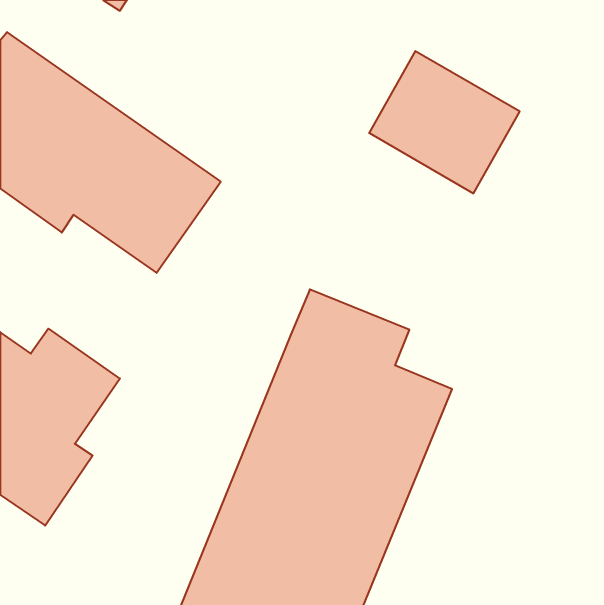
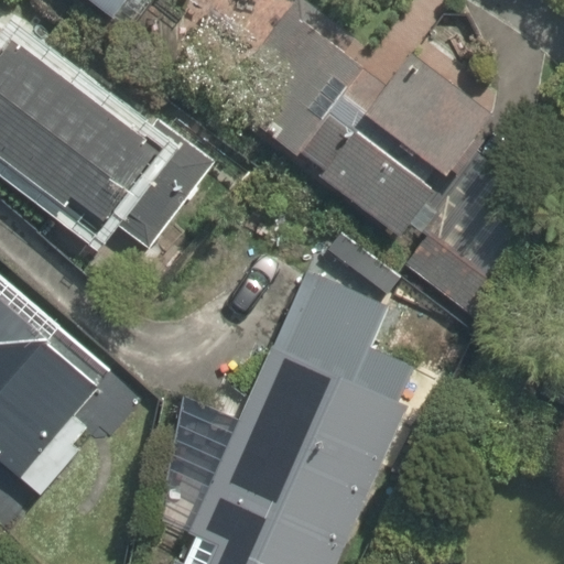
building: none -> [288,122,425,239]

